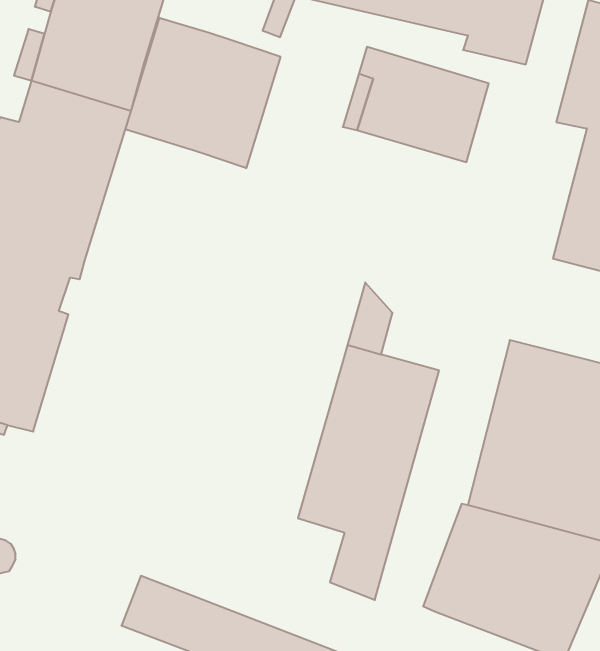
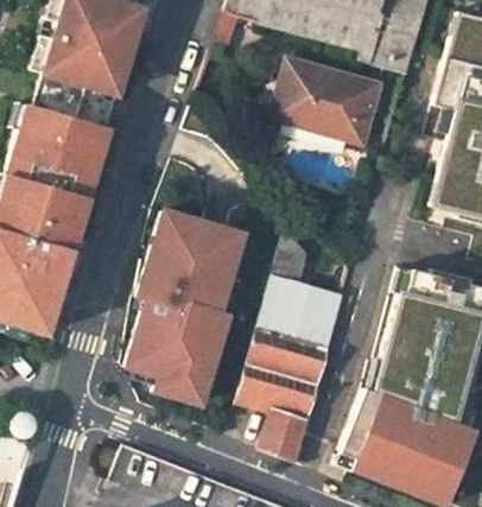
building: [125,18,280,168] -> none
building: none -> [132,199,280,406]

